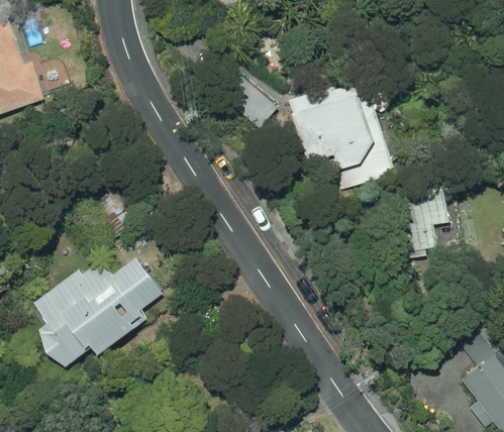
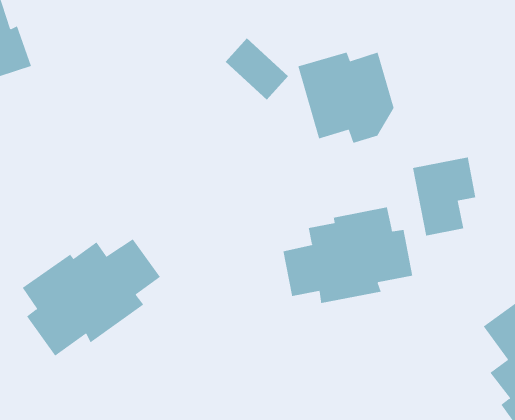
building: none -> [283,206,413,304]

